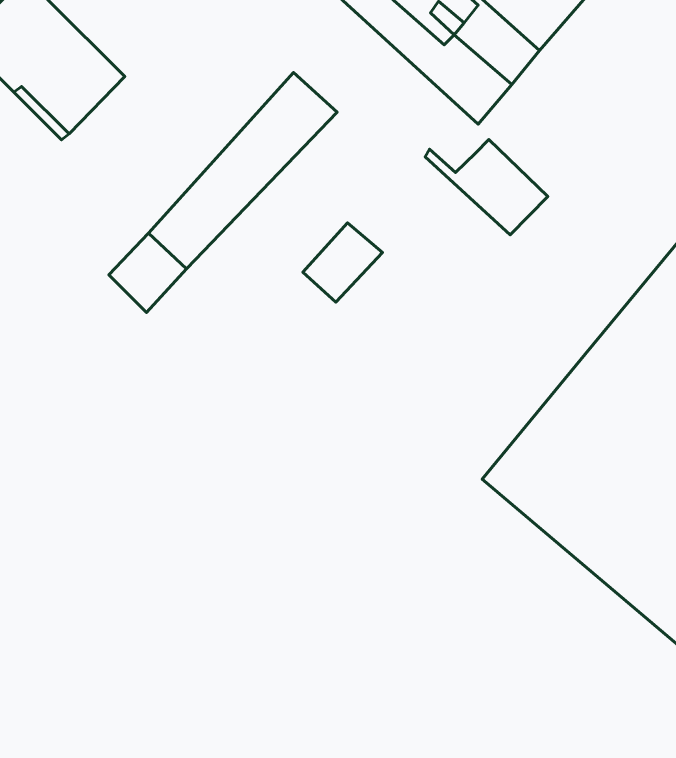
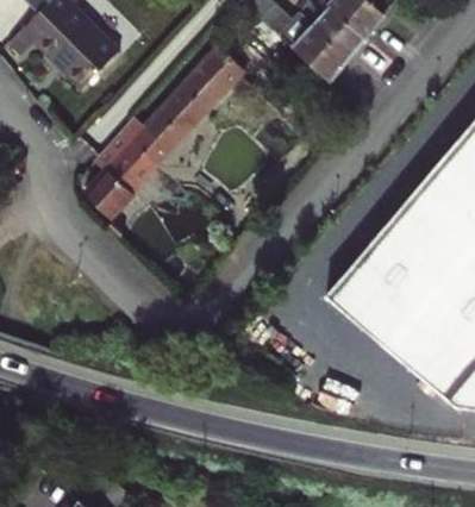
building: [425,140,548,235] -> none
building: [303,223,383,302] -> none
building: none -> [86,170,132,219]

